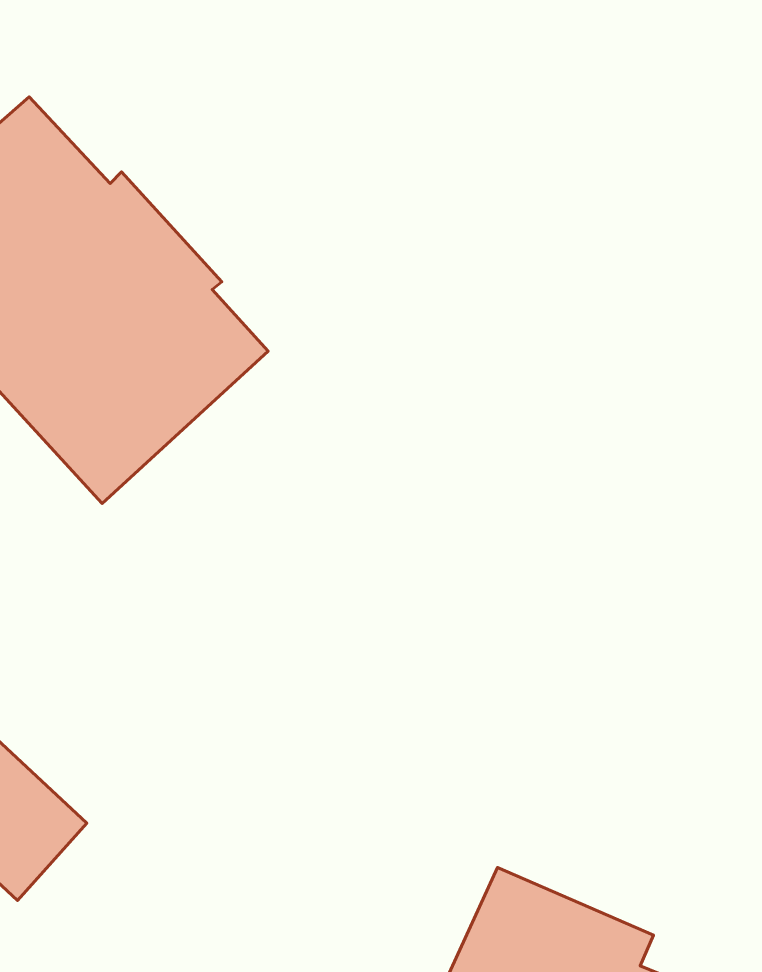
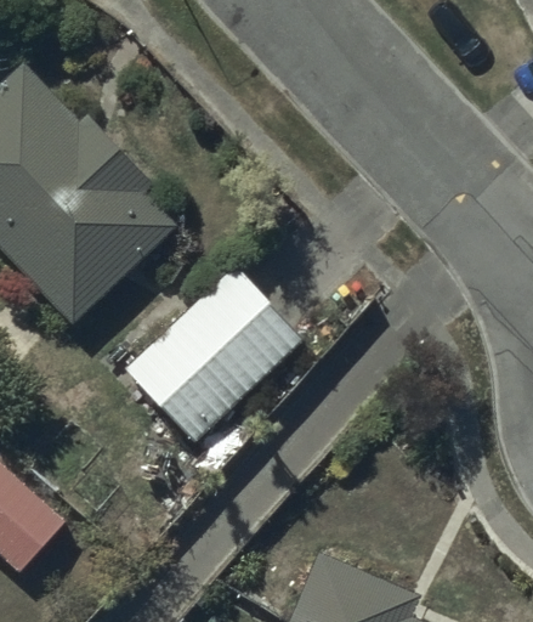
building: none -> [126,264,302,441]

